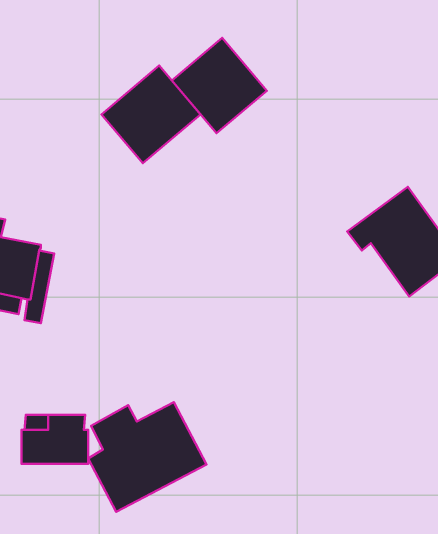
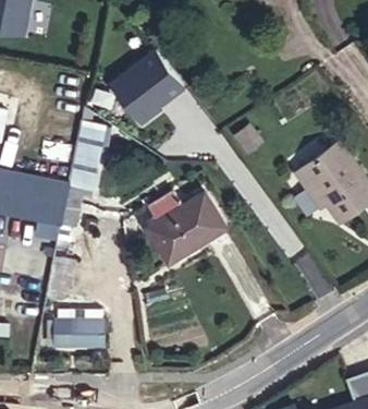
building: [172,38,267,133] -> none
building: none -> [69,124,102,193]
building: [88,402,207,512] -> [146,192,233,273]

